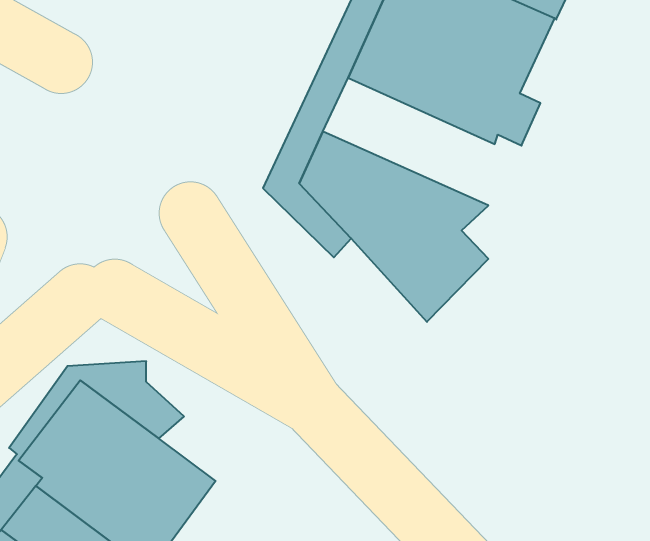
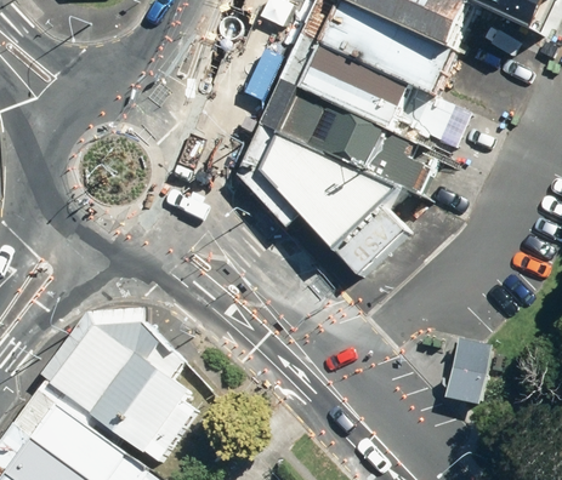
building: none -> [282,90,432,193]
building: none -> [442,339,490,405]

